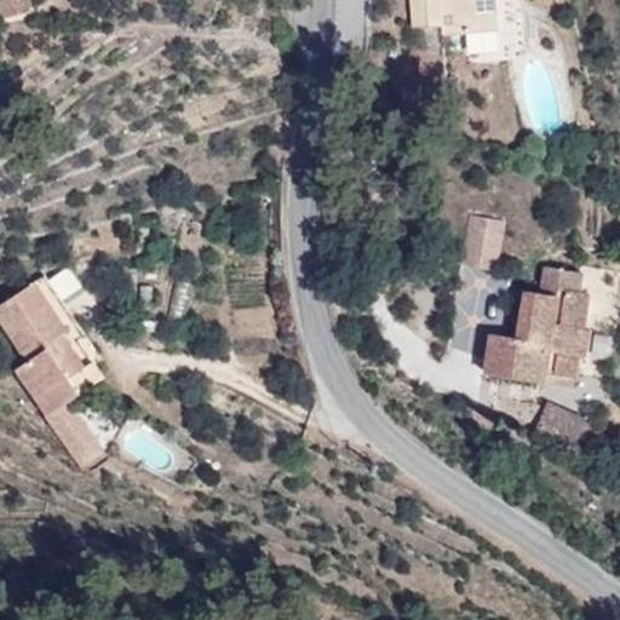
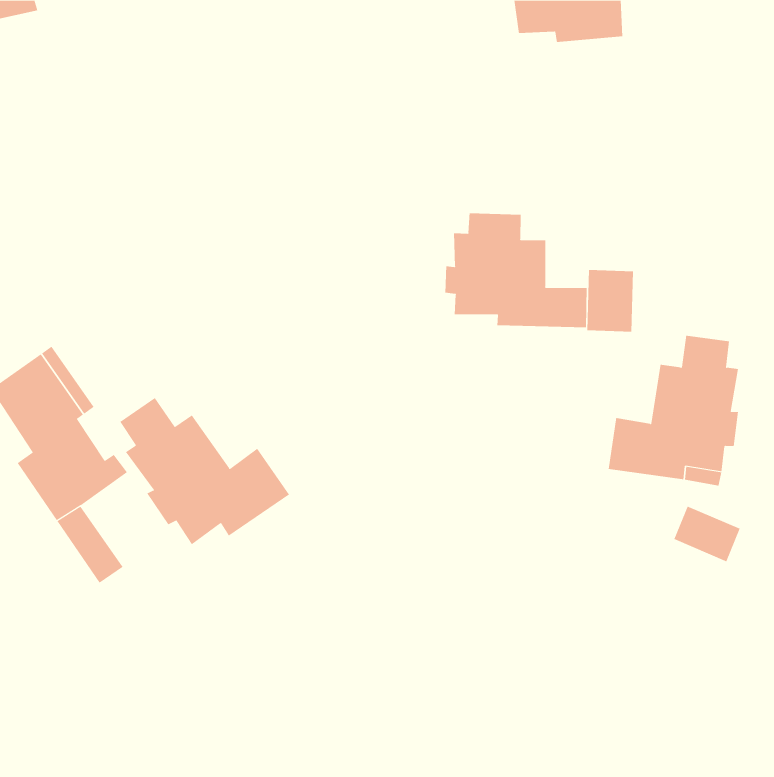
building: none -> [445,213,587,328]
building: none -> [119,397,290,545]

